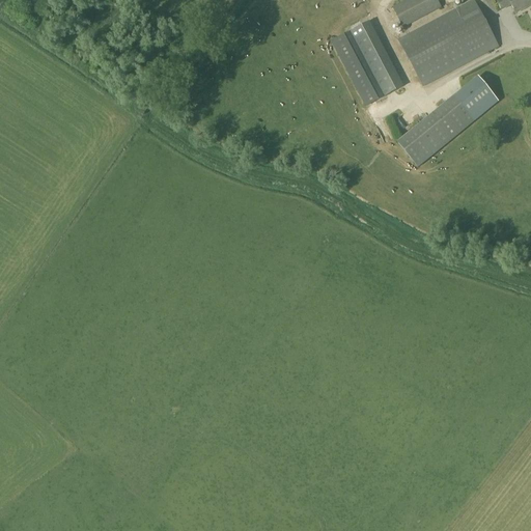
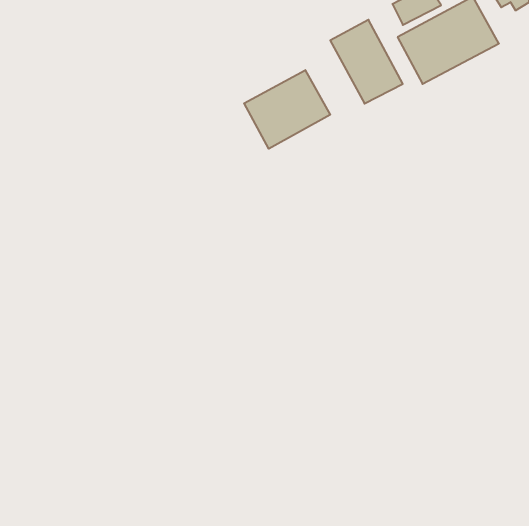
building: none -> [244,70,330,149]
building: [398,75,498,165] -> none

